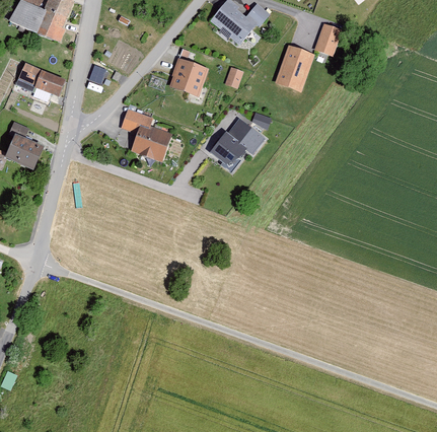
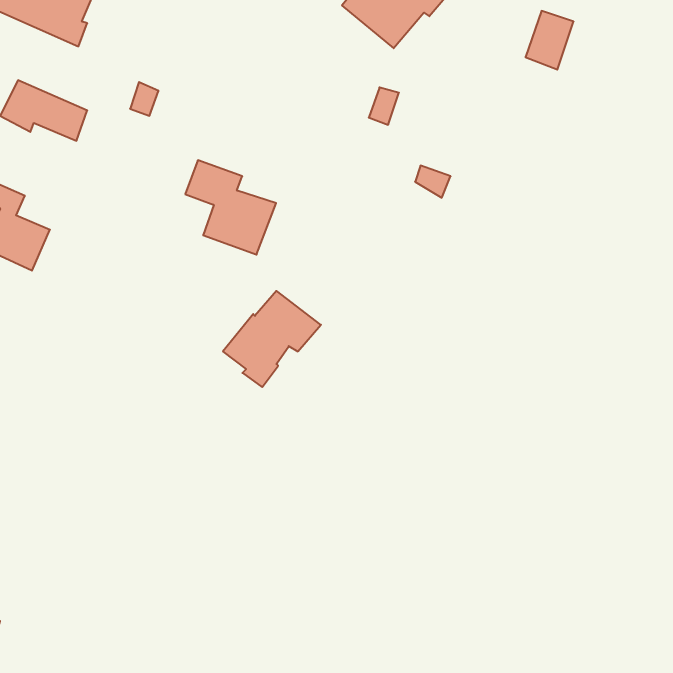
building: [275,44,314,91] -> none
building: [168,57,209,96] -> none
building: [209,118,265,172] -> [223,291,321,387]

